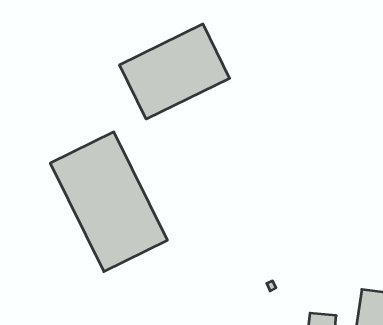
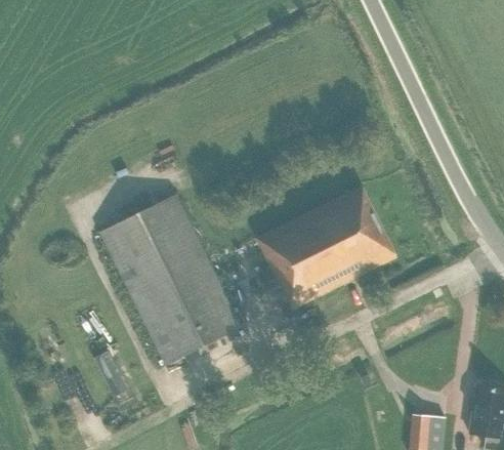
building: [120,24,230,119] -> none
building: none -> [255,187,395,306]

